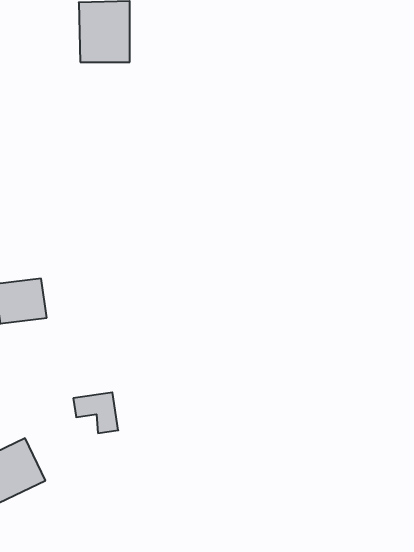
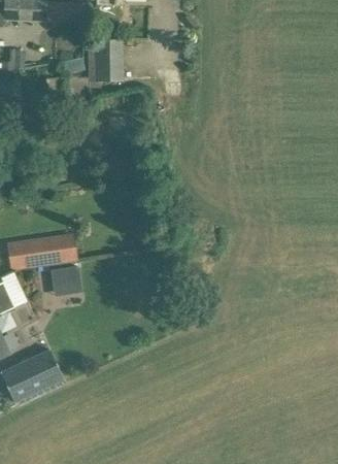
building: [73,392,118,433] -> [50,265,82,294]

